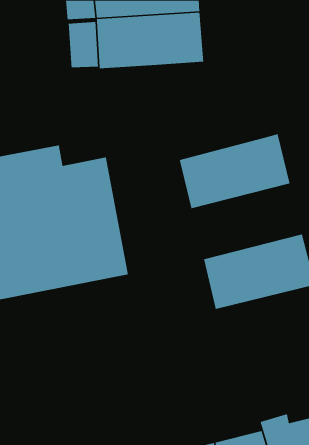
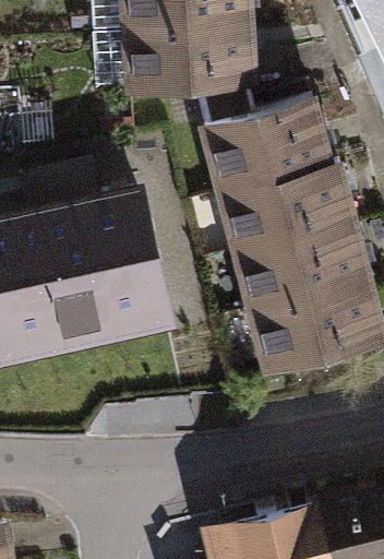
building: none -> [203,80,333,192]
building: none -> [242,221,372,308]

